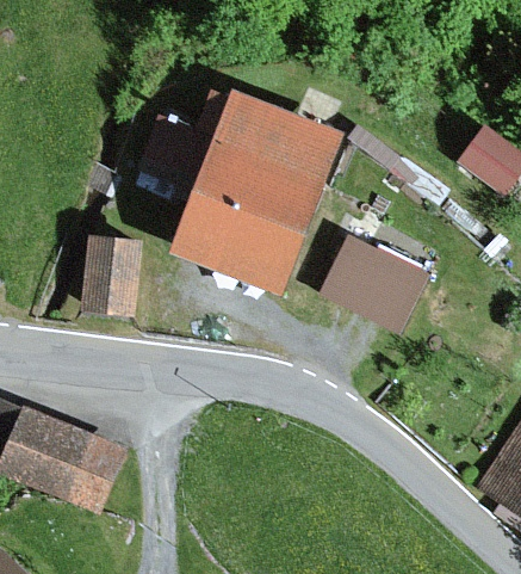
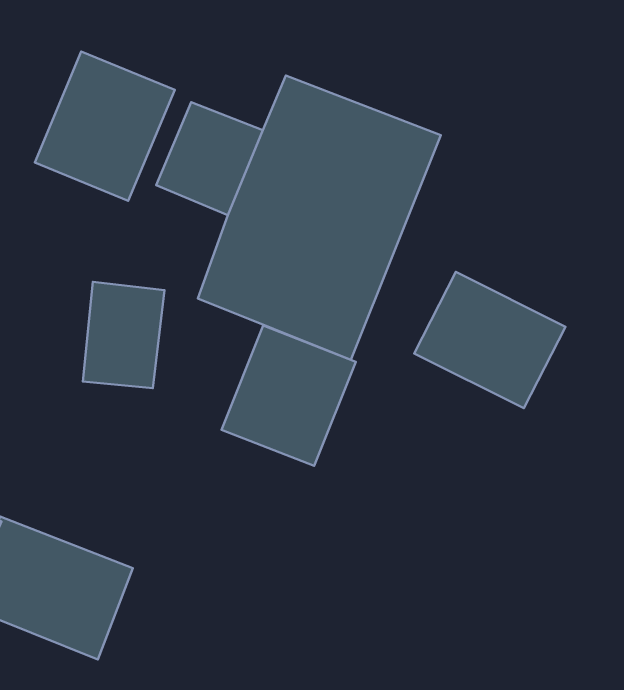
building: none -> [35,52,175,201]
building: none -> [222,326,356,466]

